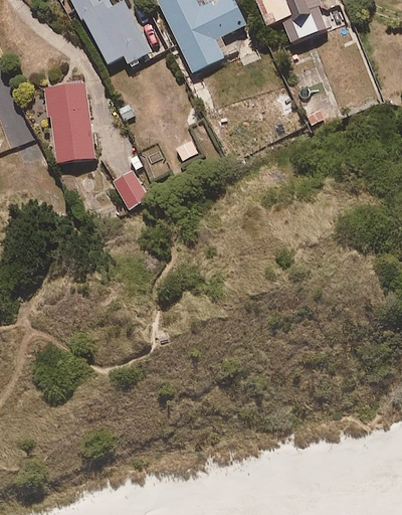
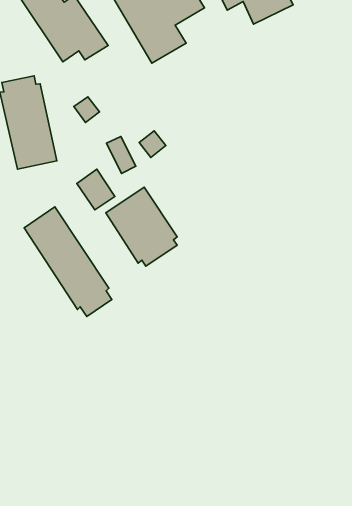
building: none -> [106,187,177,266]
building: none -> [24,207,112,316]

